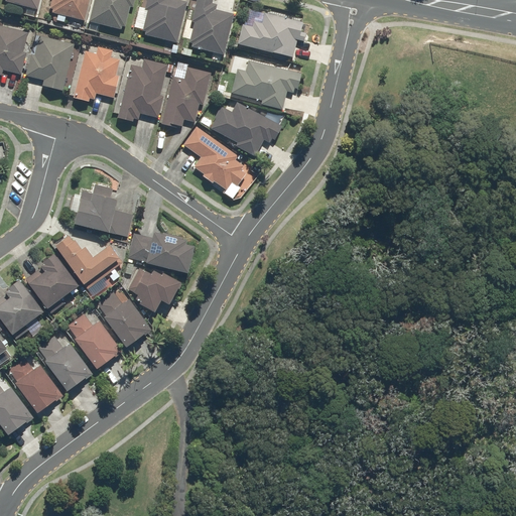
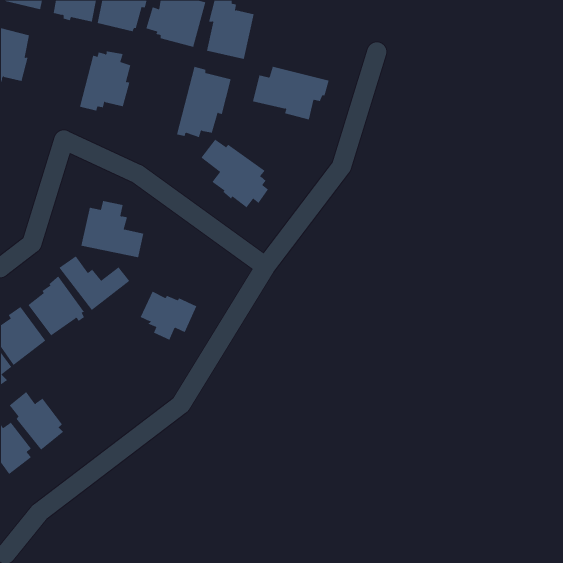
building: [238,12,305,56] -> none
building: [25,35,73,90] -> none
building: [117,53,168,122] -> none
building: [211,102,282,156] -> none
building: [127,231,192,272] -> none
building: [97,292,148,347] -> none
building: [67,313,119,369] -> none
building: [38,337,88,390] -> none

